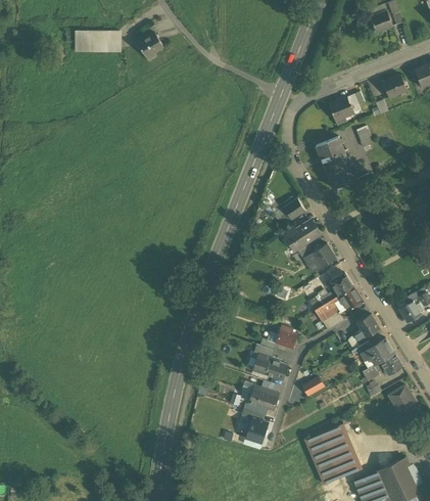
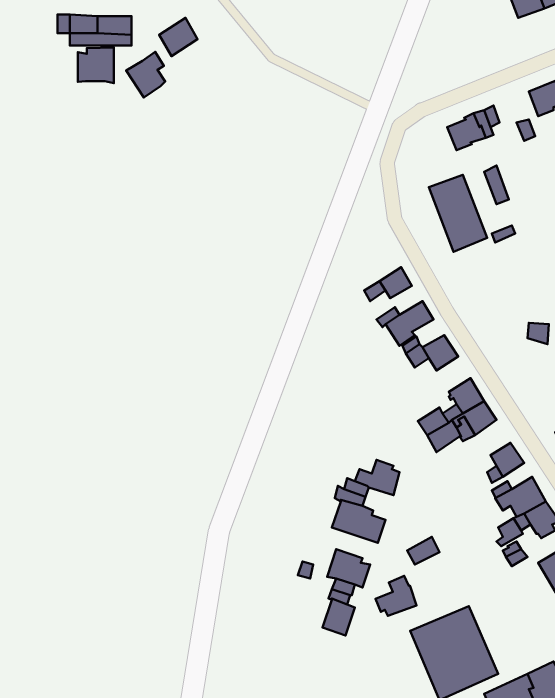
building: none -> [78,47,114,83]
building: none -> [126,52,165,97]
building: none -> [375,576,417,616]

